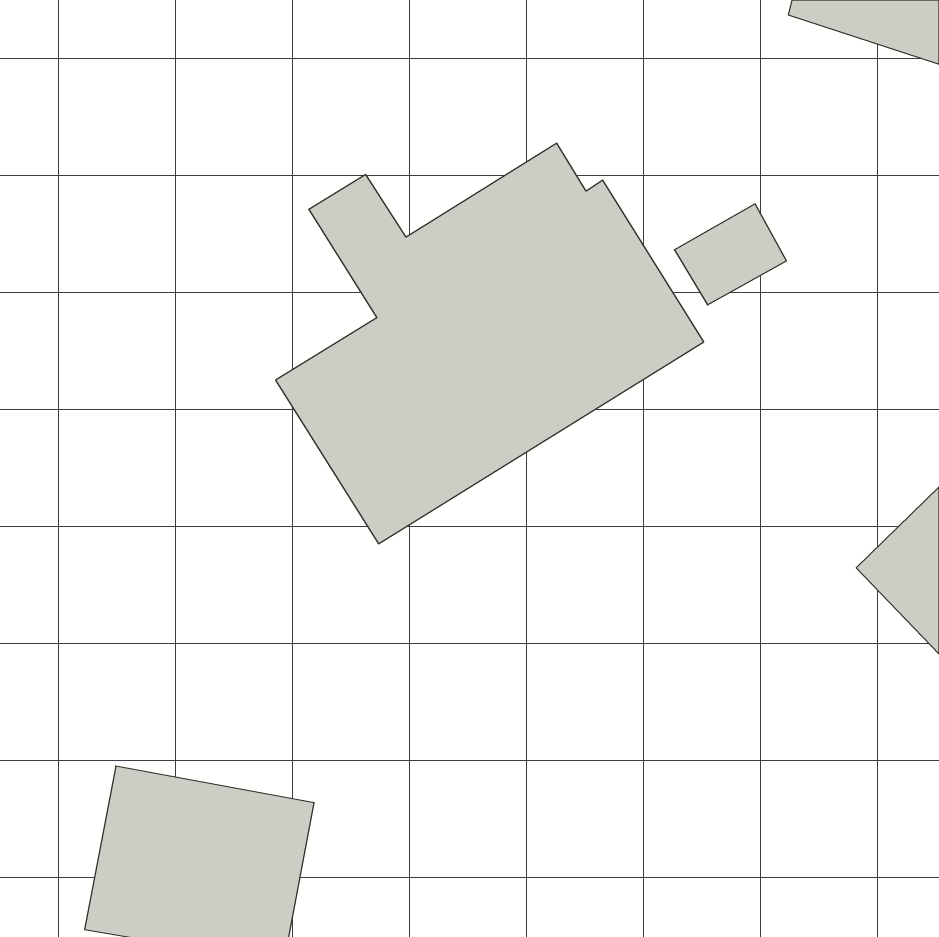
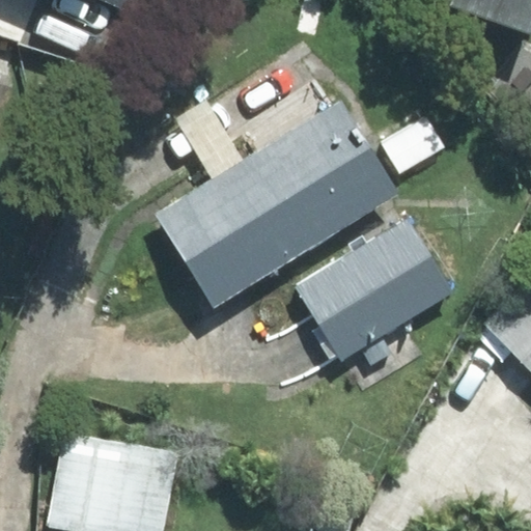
building: none -> [295,217,453,361]

